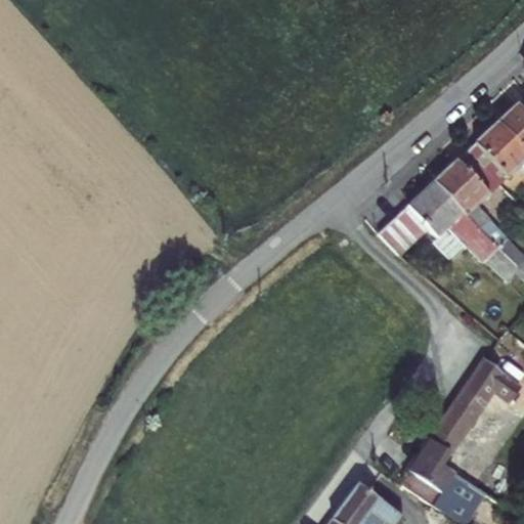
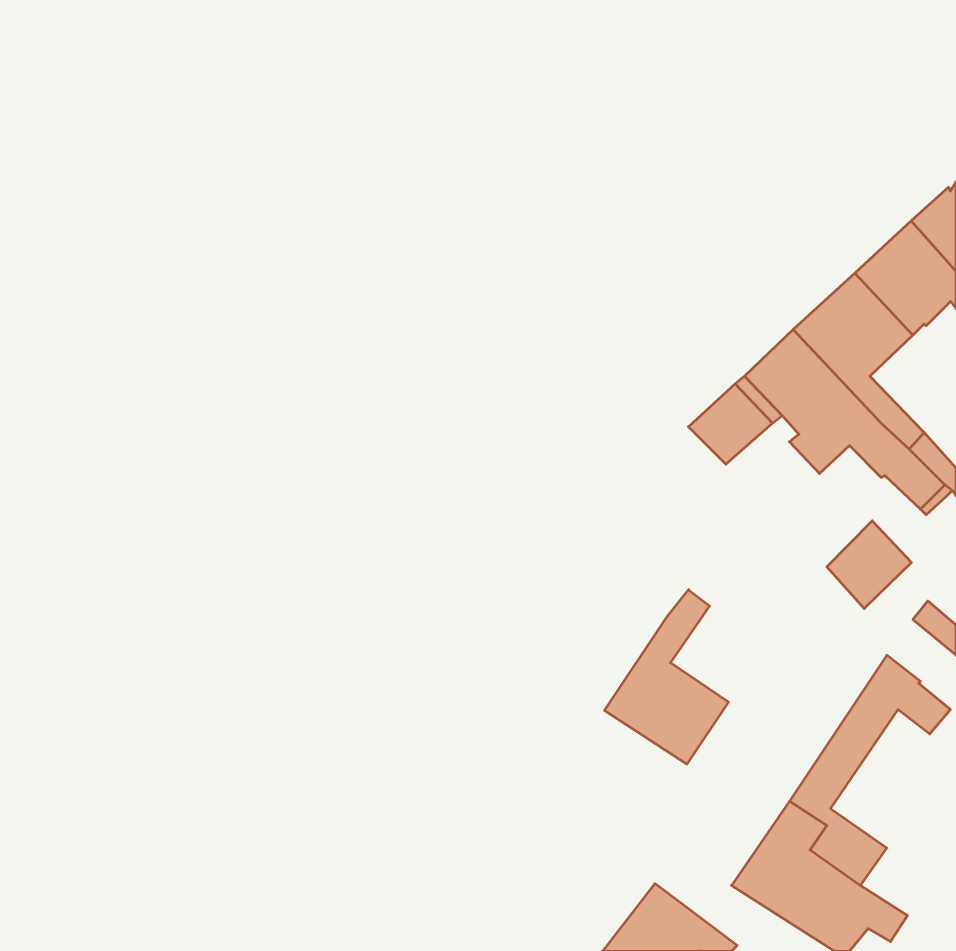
building: none -> [827,521,911,609]
building: none -> [605,590,728,764]

